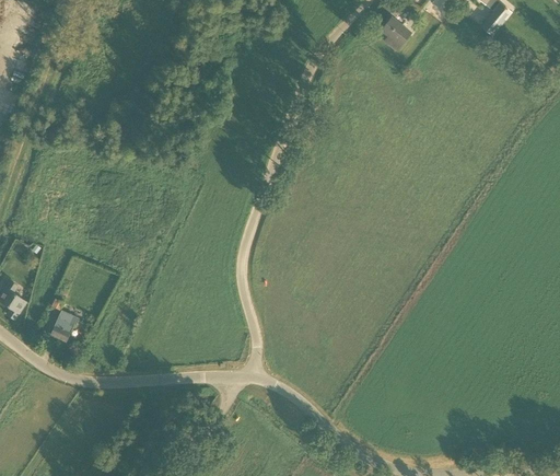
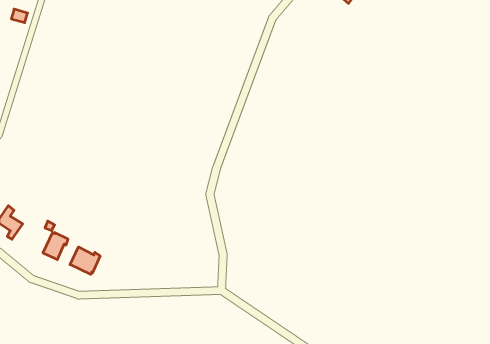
building: none -> [70,247,100,274]

